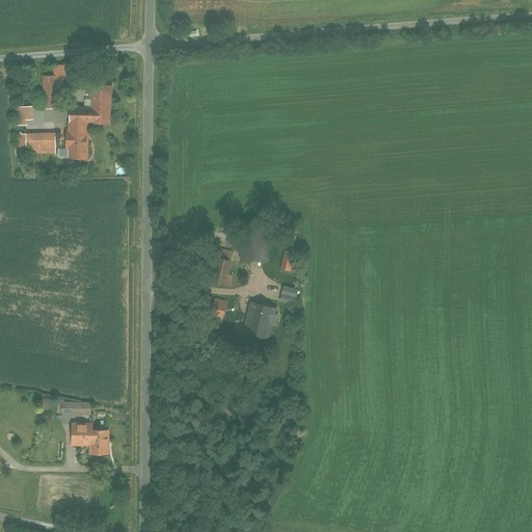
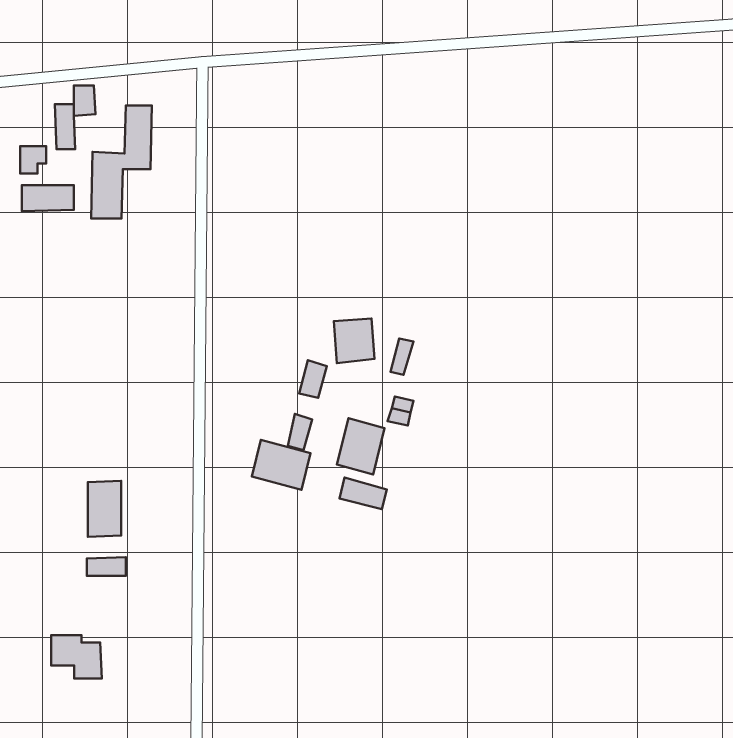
building: none -> [252,440,310,490]
building: none -> [339,478,387,509]
building: none -> [88,481,121,537]
building: [73,423,109,454] -> [51,635,102,679]

